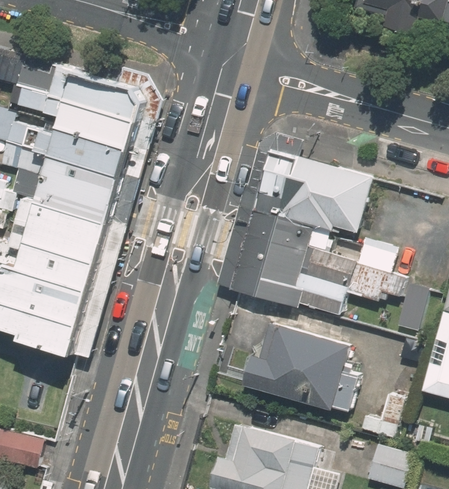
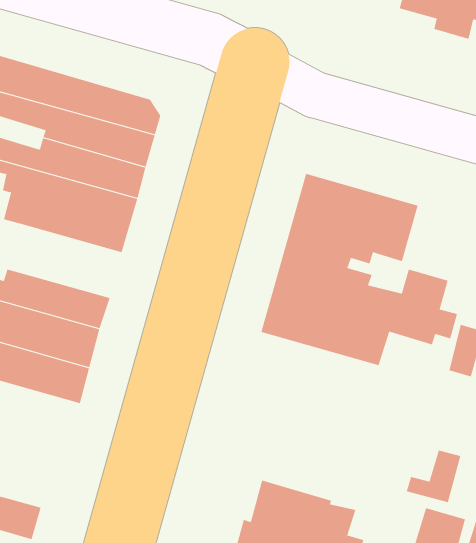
building: [13,198,113,262] -> none
building: [242,321,358,411] -> none

